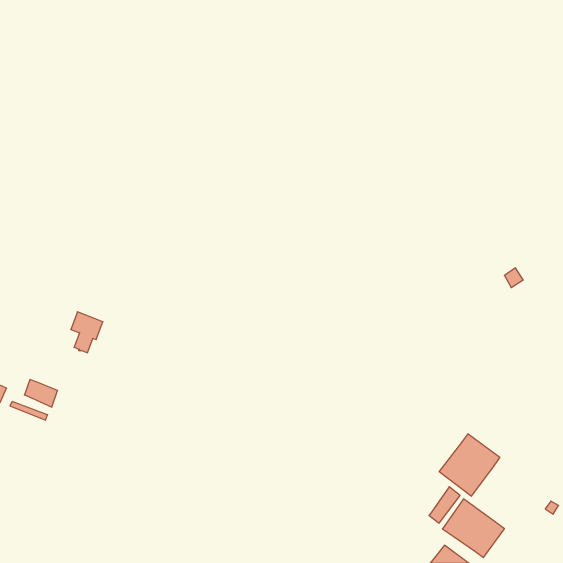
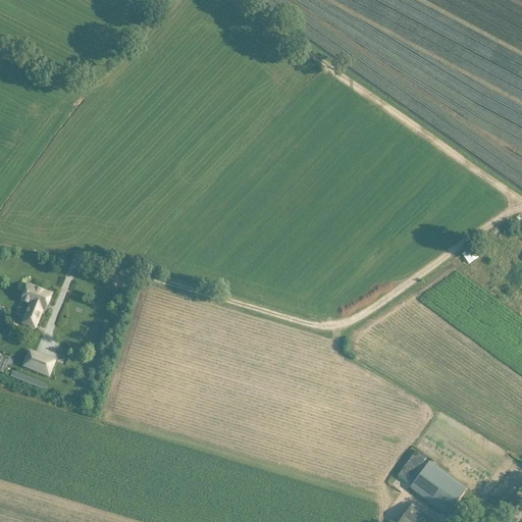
building: [71,312,103,353] -> [20,283,50,321]
building: [439,434,500,496] -> none

